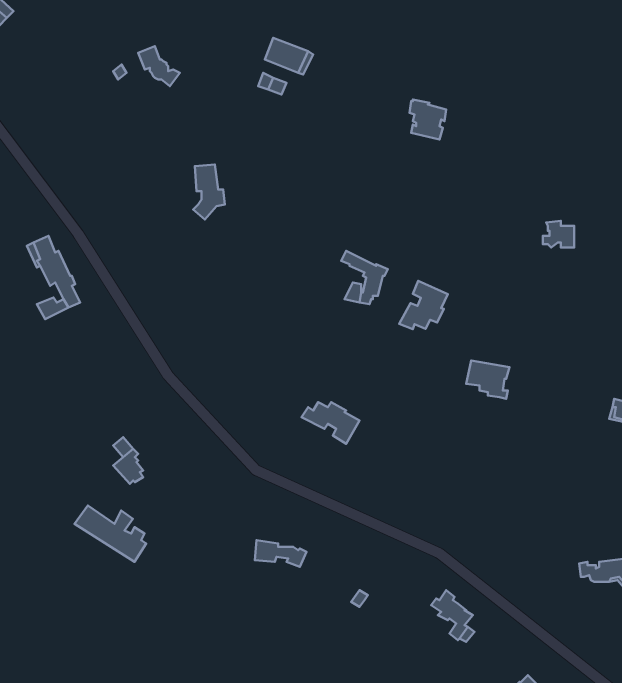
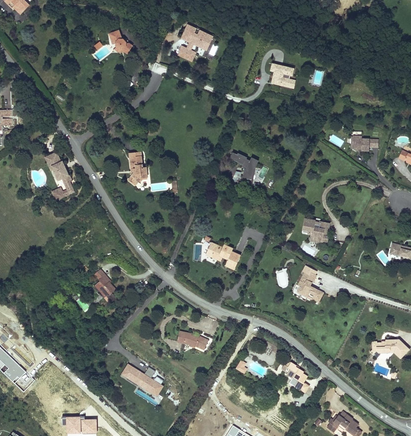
building: [193,165,225,220] -> [128,155,147,188]
building: [399,281,448,329] -> none
building: none -> [298,274,322,304]
building: [75,505,146,562] -> [120,363,163,397]

